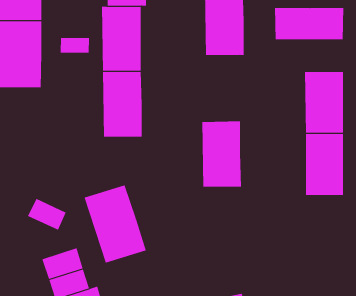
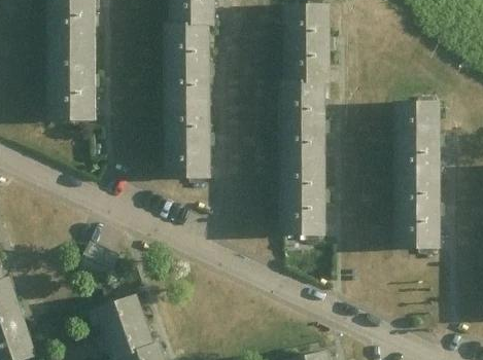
building: [274,7,344,40] -> none
building: [60,37,89,53] -> none
building: none -> [279,79,324,155]
building: [84,185,146,264] -> none

